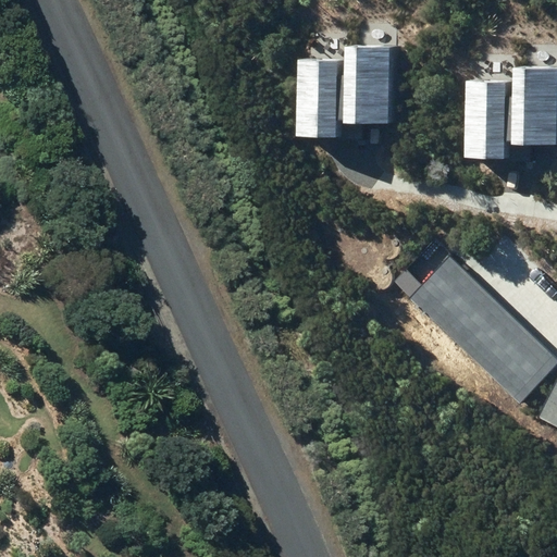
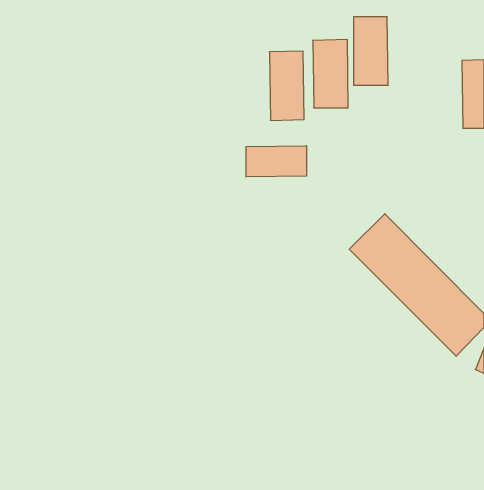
building: [470,78,509,156] -> [354,17,388,85]
building: none -> [246,146,306,177]

